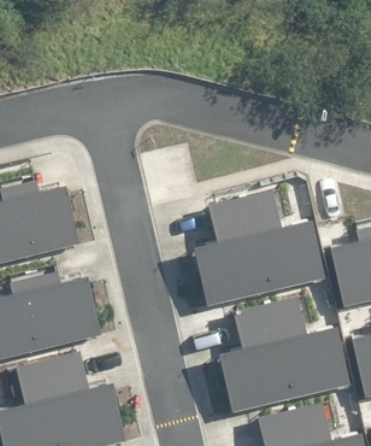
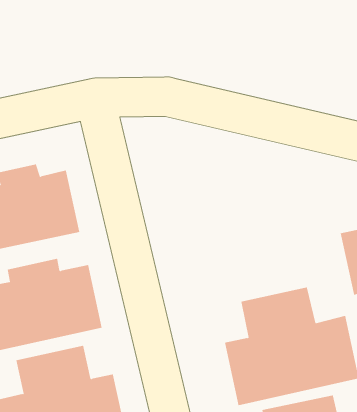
building: [194,190,328,307] -> none

